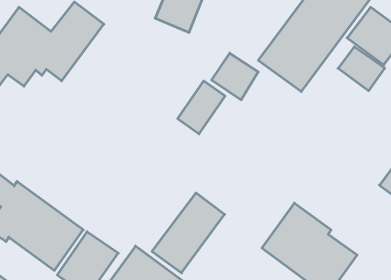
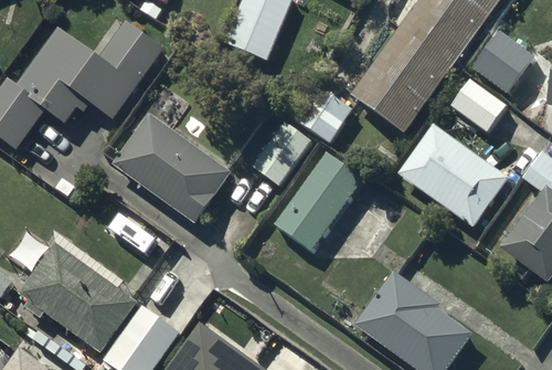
building: none -> [113,114,231,225]
building: none -> [399,124,509,226]
building: [152,193,225,273] -> [275,150,364,249]

